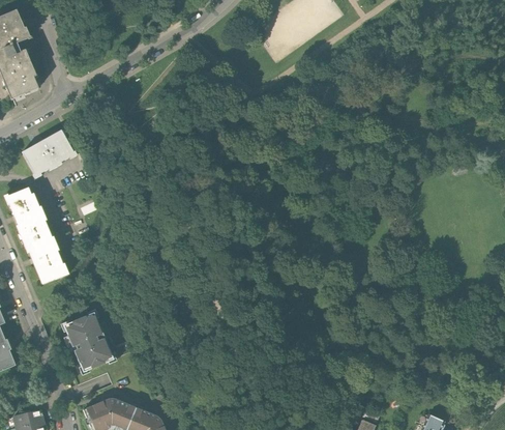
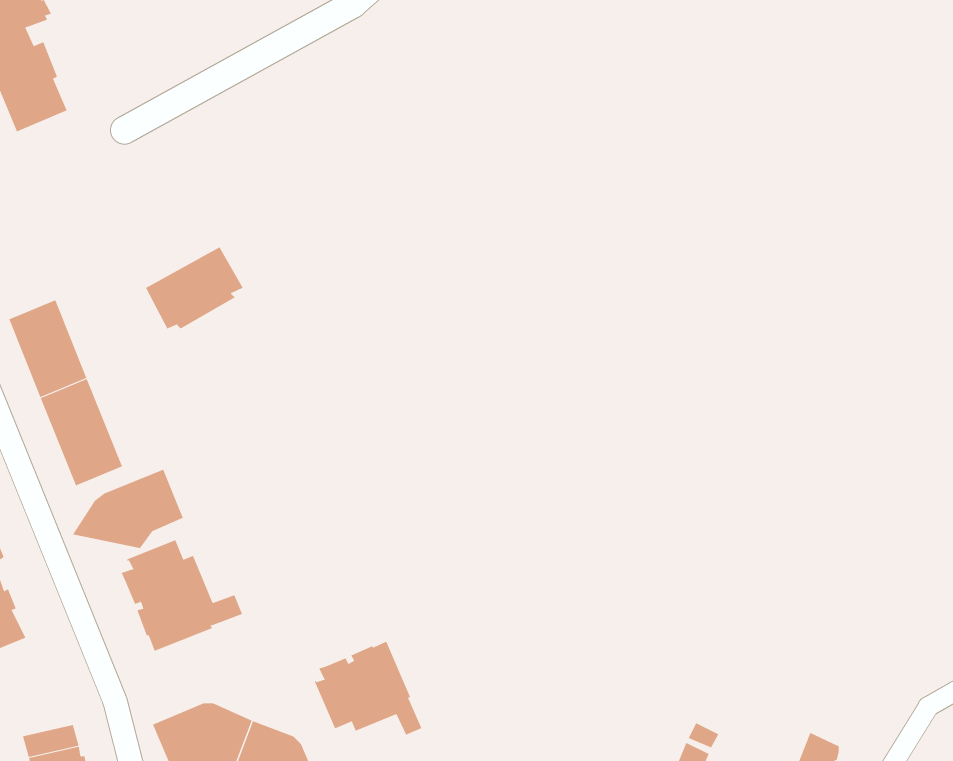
building: [22,130,73,173] -> [145,246,243,329]
building: none -> [72,469,183,549]
building: none -> [314,641,422,736]

